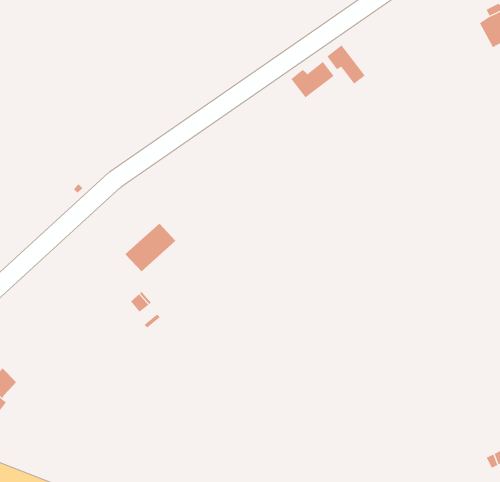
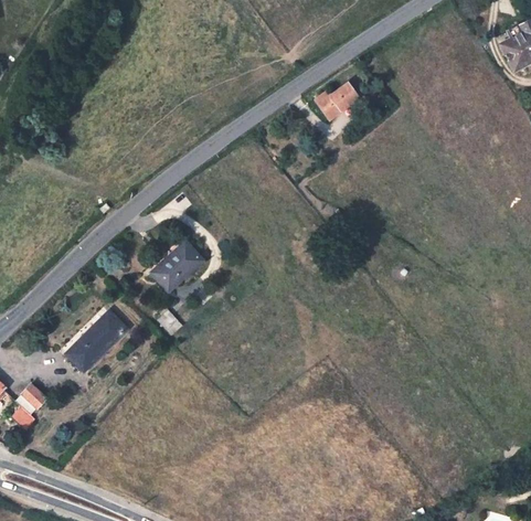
building: [327,45,366,85] -> none
building: none -> [67,311,126,370]

